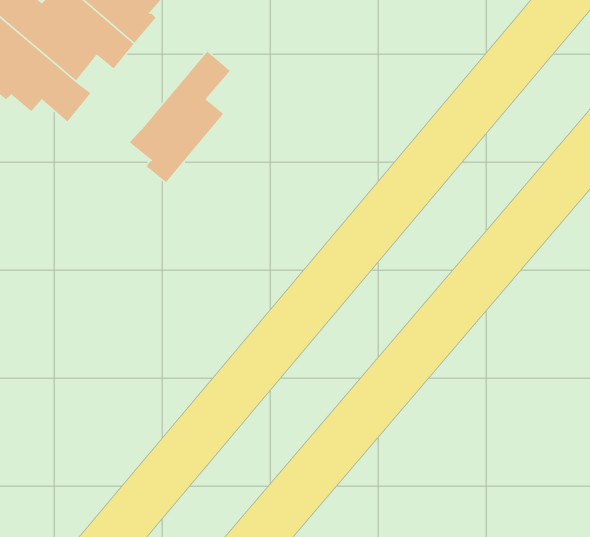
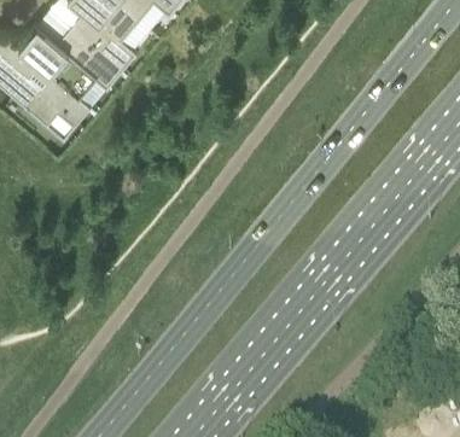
building: [129,50,231,183] -> none

